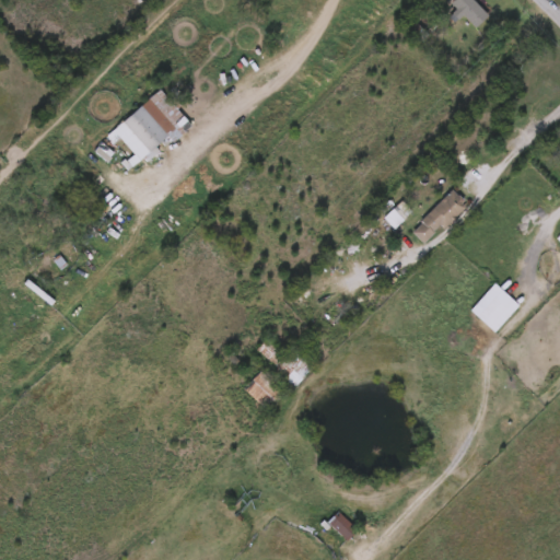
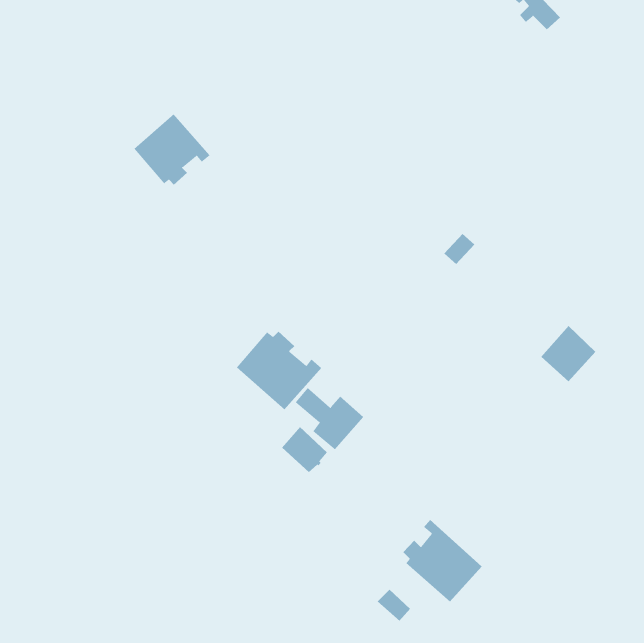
building: [416,189,469,243] -> none
building: none -> [236,331,322,410]
building: none -> [403,519,482,603]

